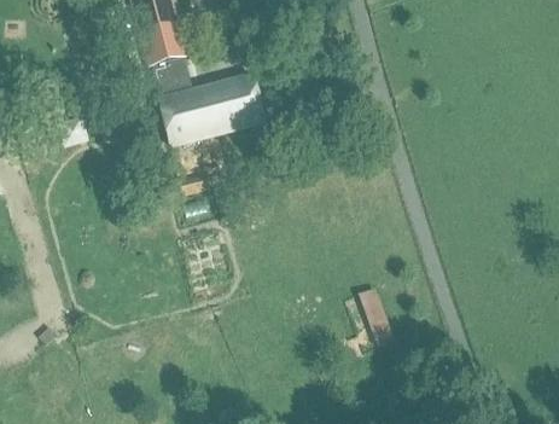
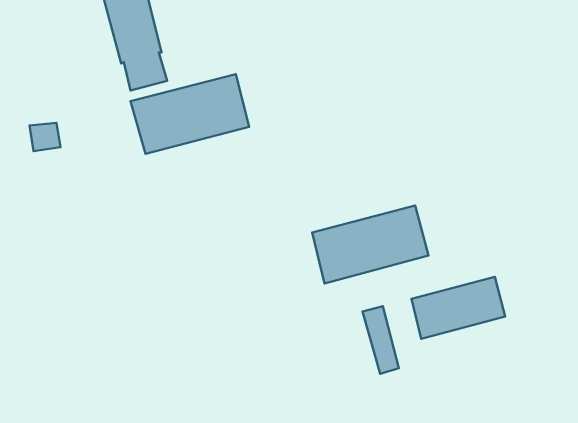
building: none -> [312,205,429,283]
building: none -> [412,277,505,339]

